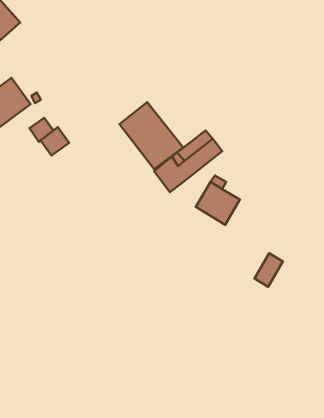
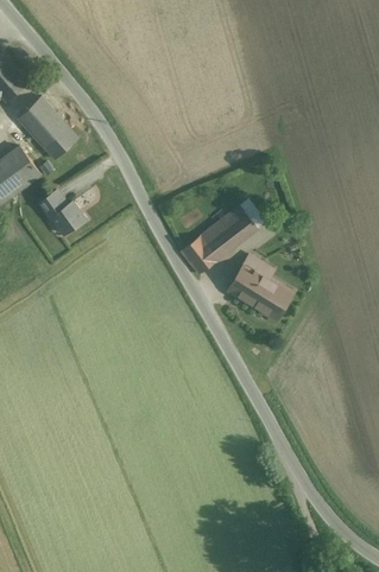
building: none -> [18,96,78,159]
building: [119,102,183,169] -> none
building: [255,253,283,287] -> [263,282,295,320]

